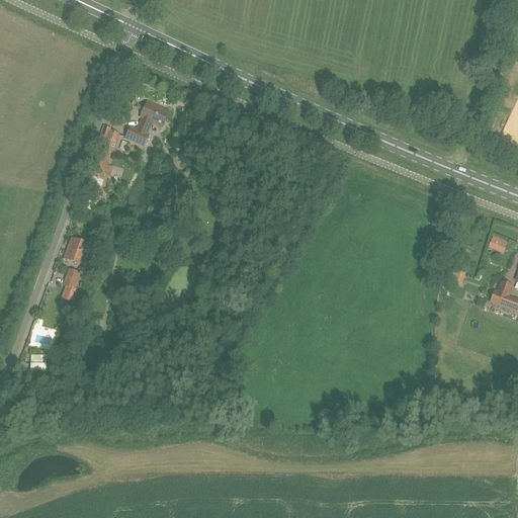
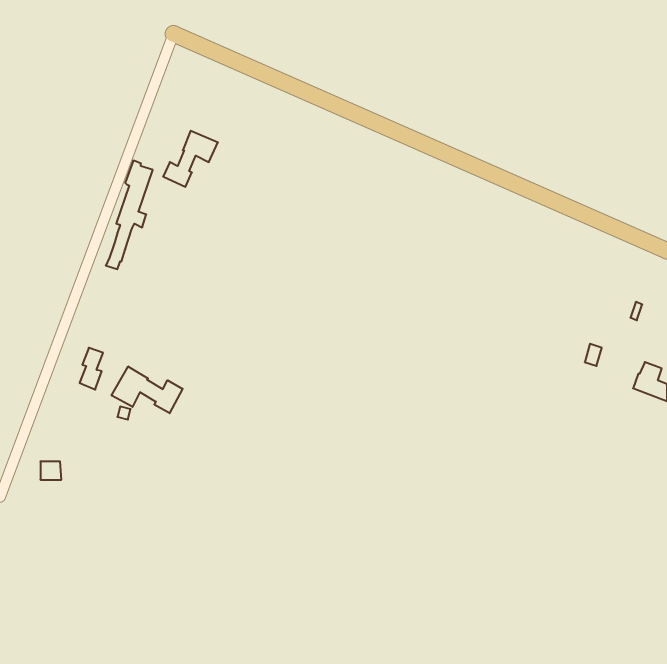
building: [65,237,90,263] -> none
building: none -> [112,366,183,413]

